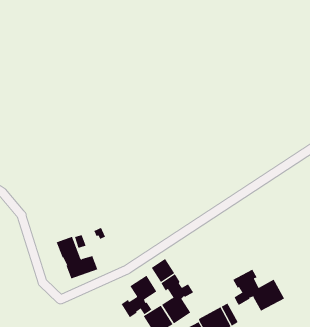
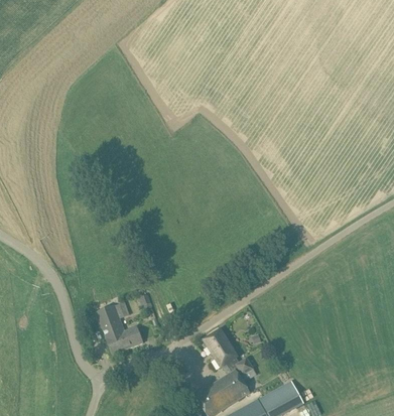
building: [232,269,285,311] -> none
building: [121,275,157,318] -> none

